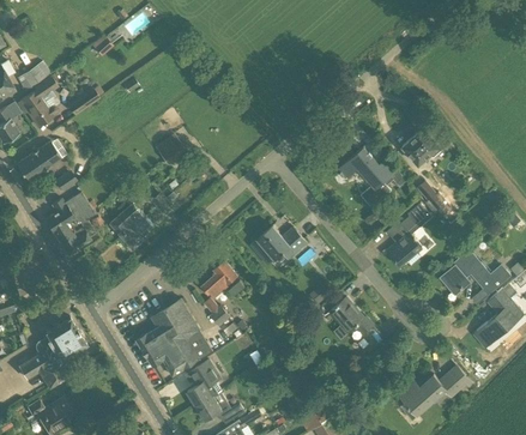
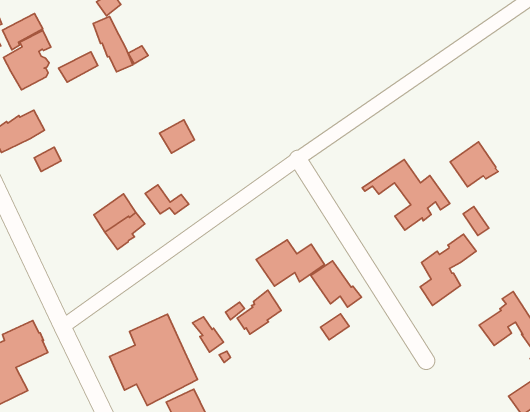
building: none -> [93,16,133,72]
building: [44,193,96,254] -> none
building: [201,261,237,300] -> [237,290,281,334]
building: [329,298,374,336] -> [311,261,362,307]

